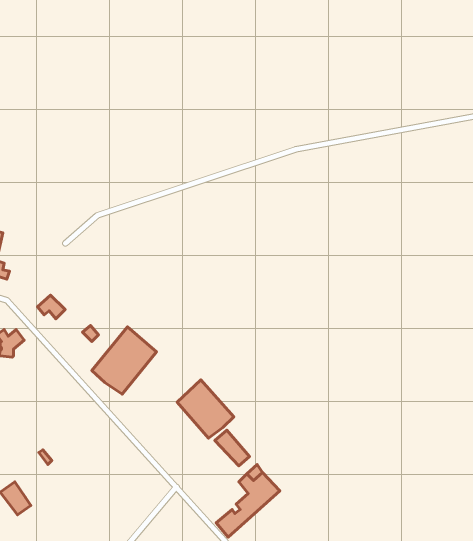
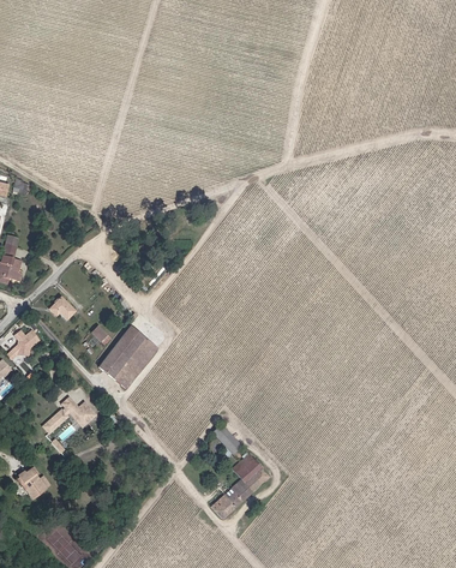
building: [177,380,234,438] -> none
building: none -> [43,395,95,431]

